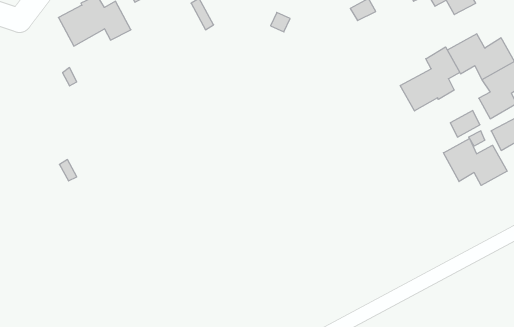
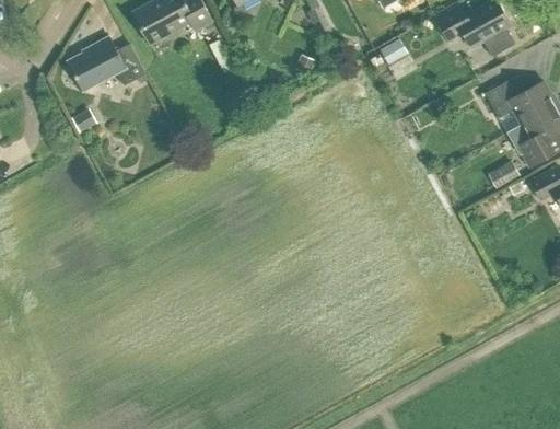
building: [400,47,460,111] -> none
building: [443,139,507,185] -> none

